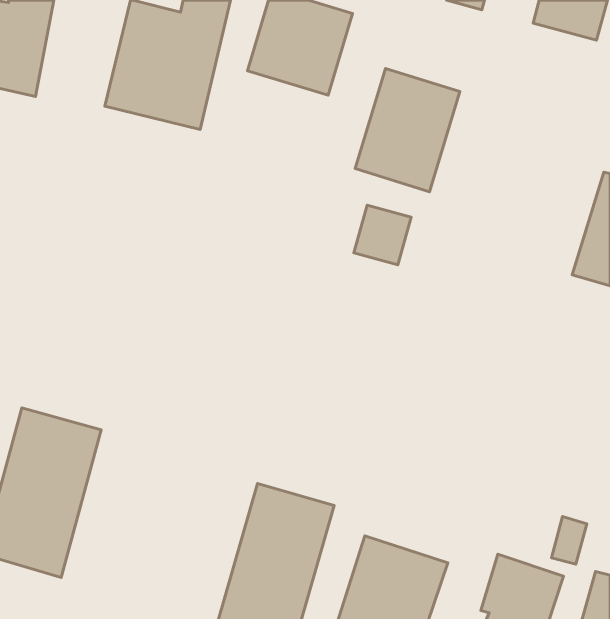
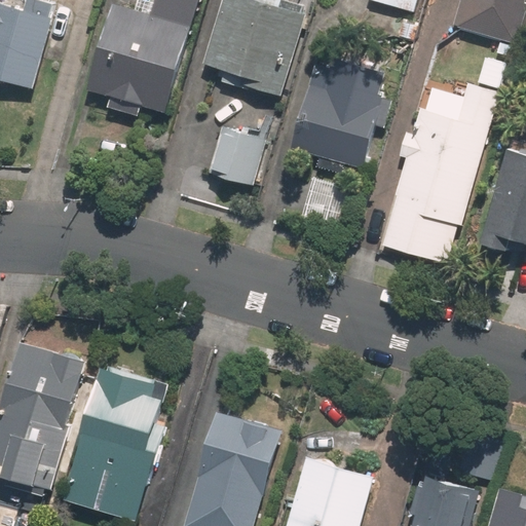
building: none -> [379,84,494,260]
building: none -> [212,133,260,183]
building: none -> [64,369,172,521]

